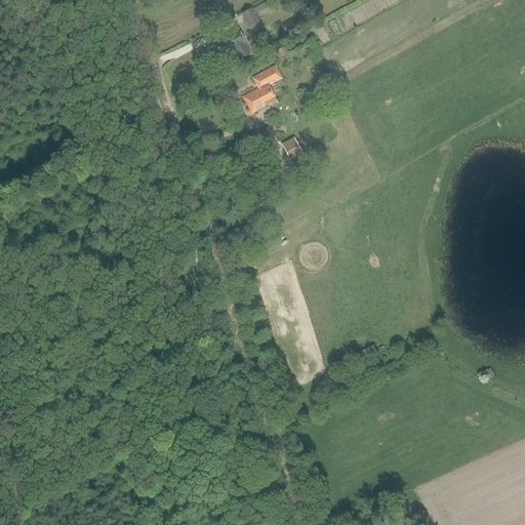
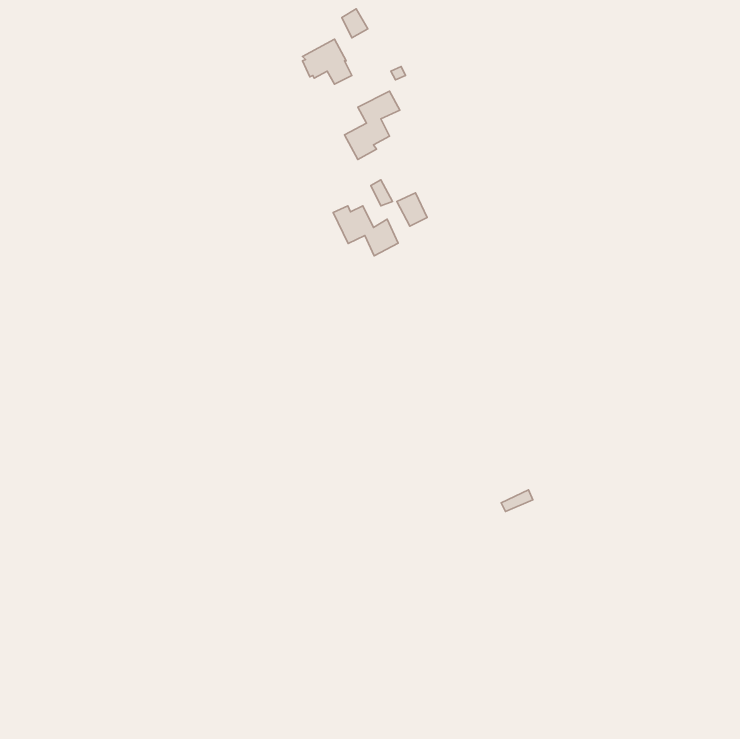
building: none -> [333,206,398,256]

